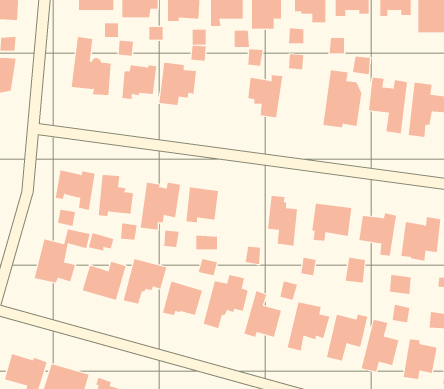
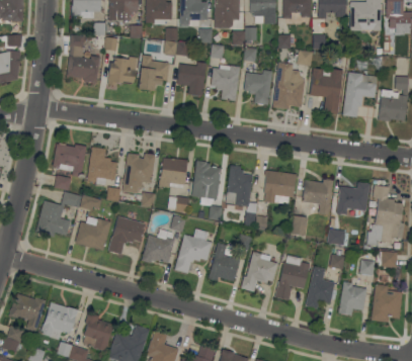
building: none -> [177,63,205,96]
building: none -> [243,70,272,105]
building: none -> [192,161,220,198]

